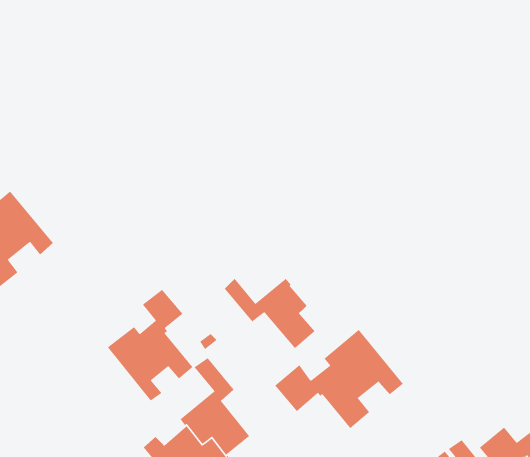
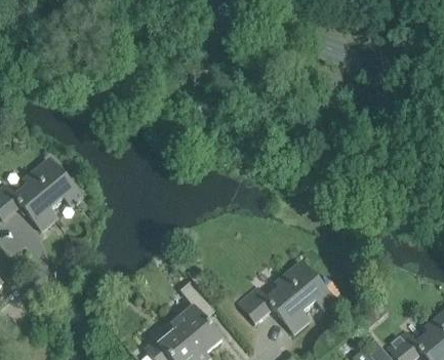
building: [224,278,316,349] -> none
building: [107,289,194,402] -> none

